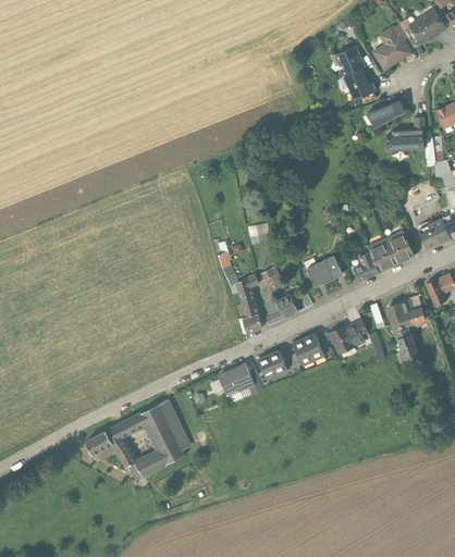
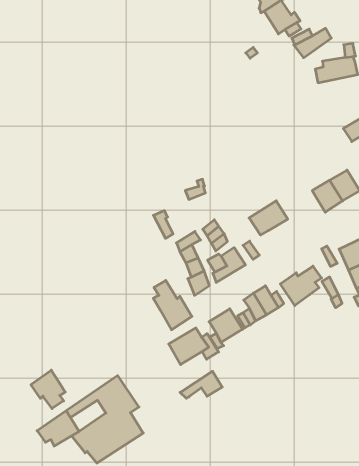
building: [352,251,379,280] -> none
building: none -> [153,280,192,330]
building: none -> [31,370,65,409]
building: none -> [180,371,222,398]

